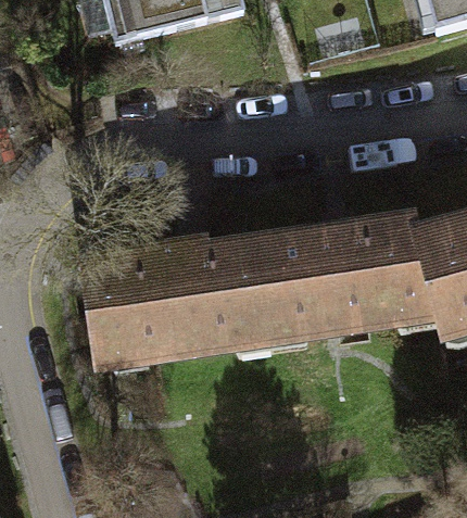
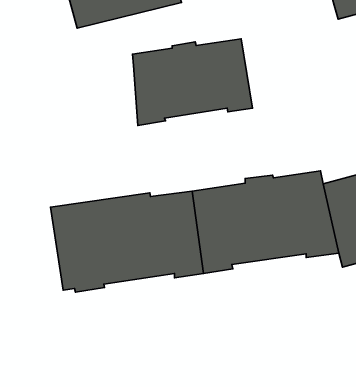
building: none -> [132,39,252,125]

